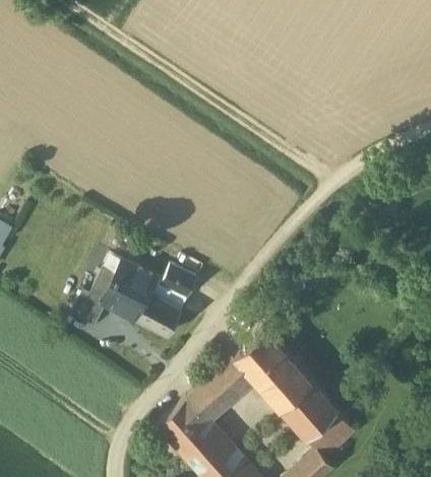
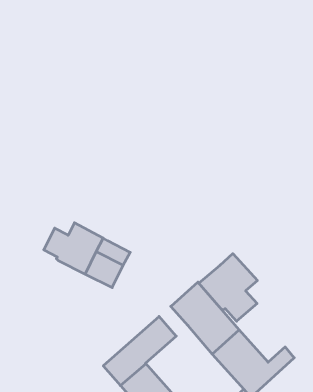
building: [163,267,196,296] -> none
building: [70,290,107,328] -> none
building: none -> [199,254,257,321]
building: [221,357,253,391] -> none

